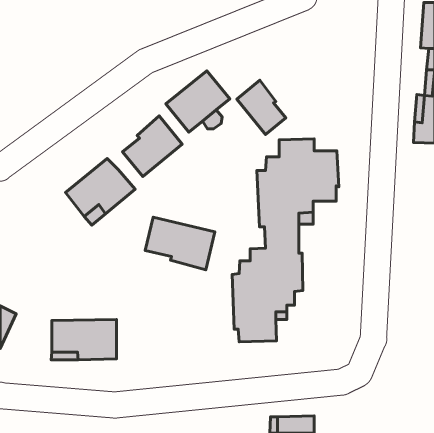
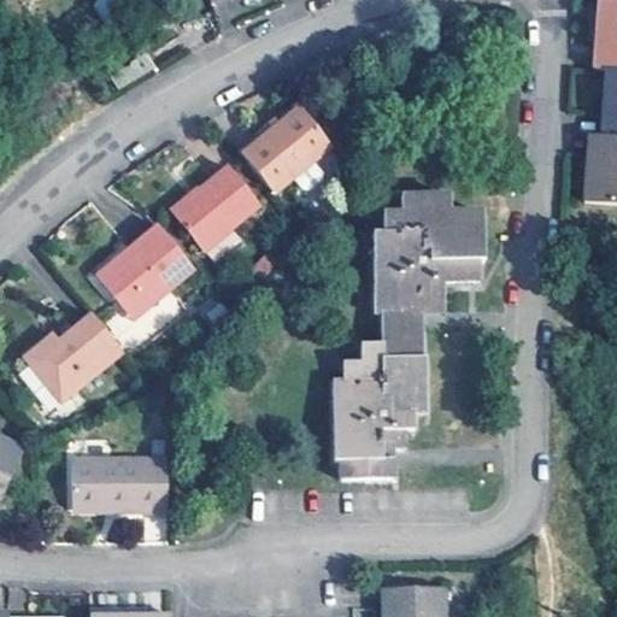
building: [237,80,286,135] -> none
building: [145,217,215,270] -> none
building: none -> [22,313,122,401]

